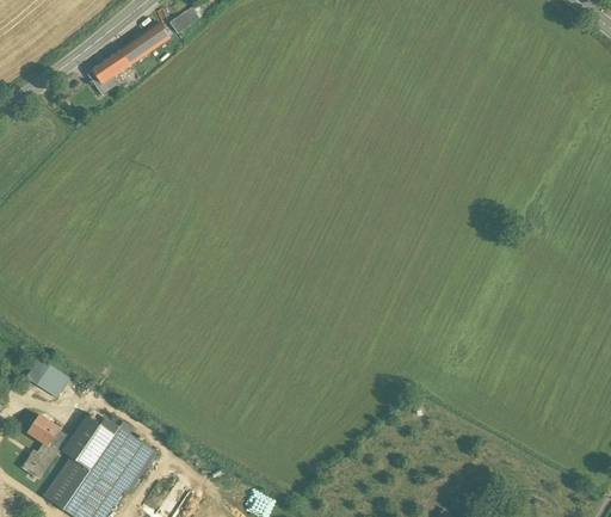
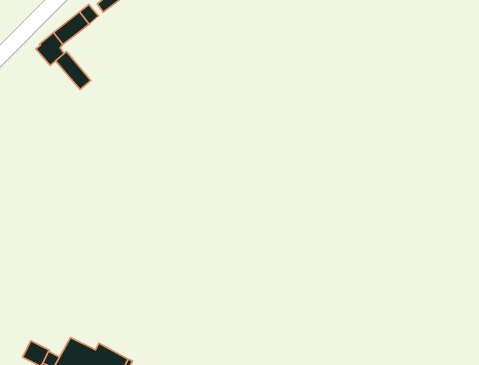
building: none -> [56,52,91,89]
building: [26,358,69,398] -> none

